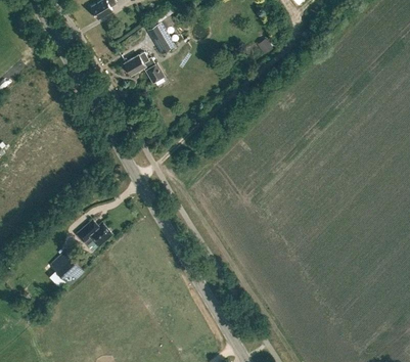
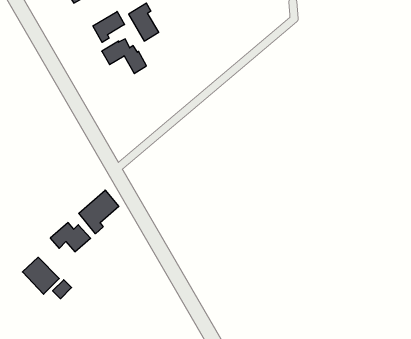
building: none -> [93,11,125,42]
building: none -> [79,190,119,234]

